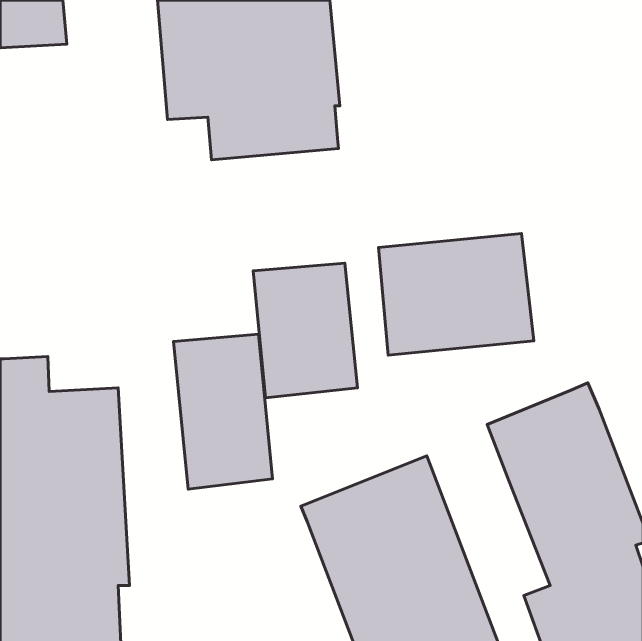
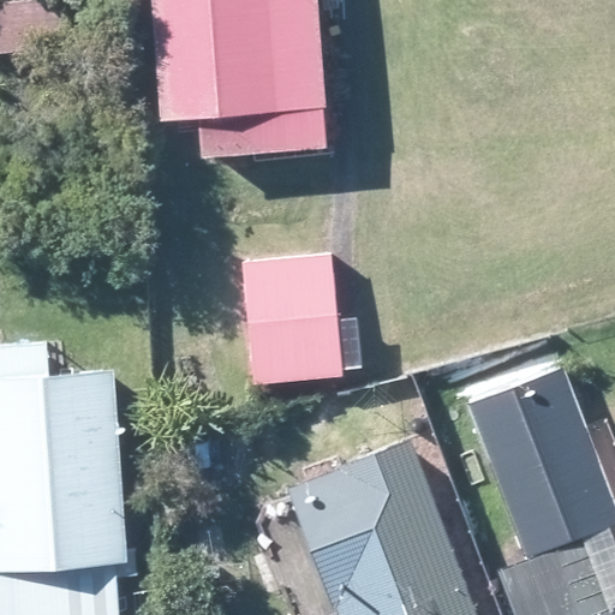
building: [379,234,534,355] -> none
building: [174,334,273,489] -> none

